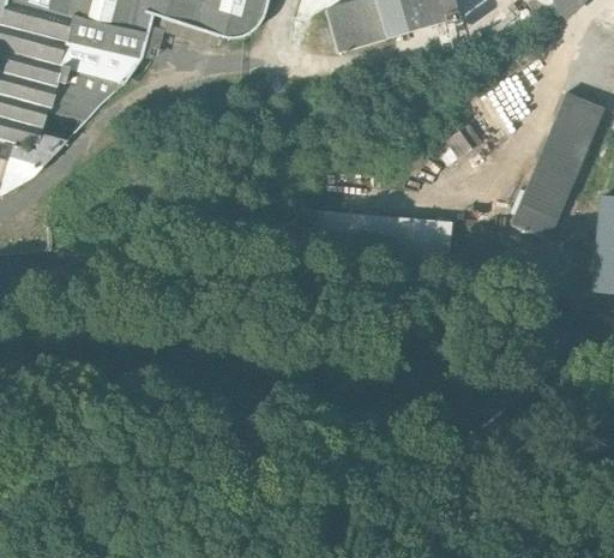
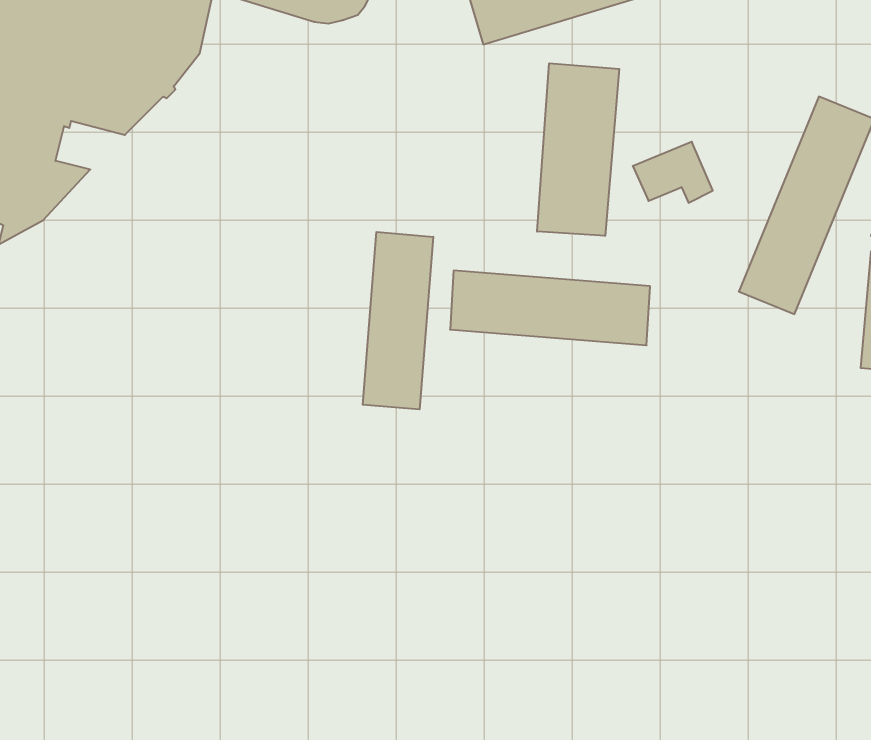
building: none -> [537,63,619,236]
building: none -> [363,232,433,409]

